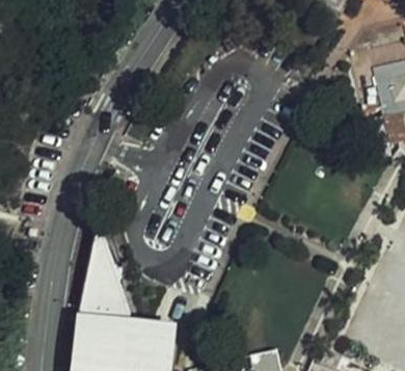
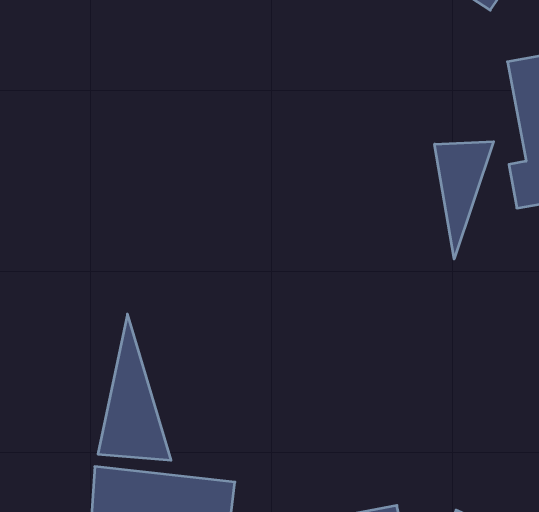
building: none -> [435,142,494,259]

